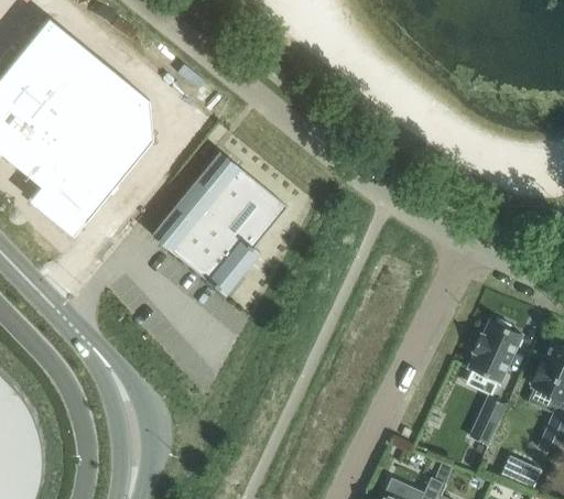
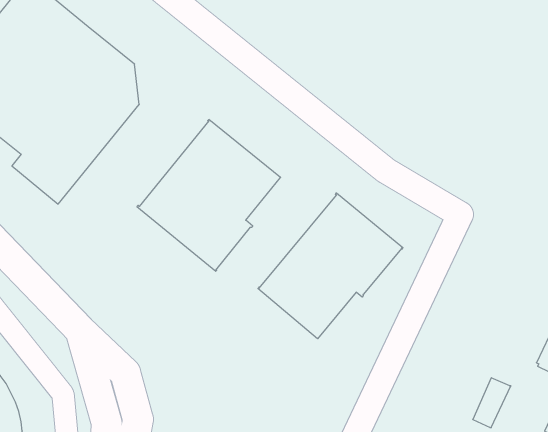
building: none -> [258,193,403,339]
building: [467,318,521,383] -> none

